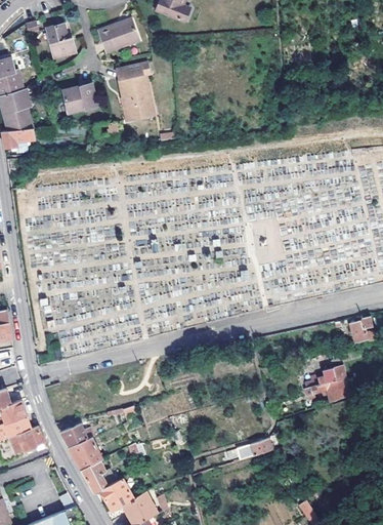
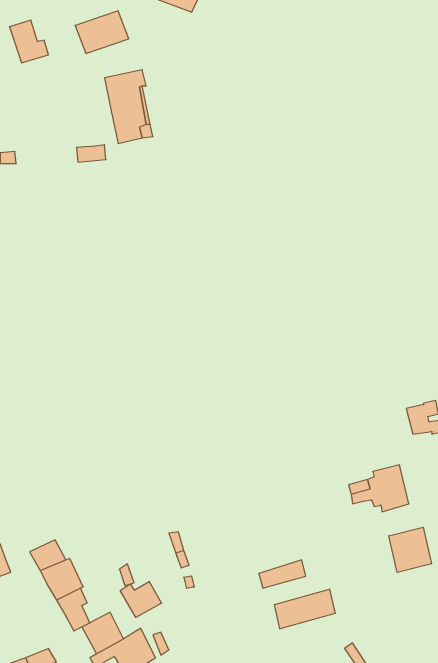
building: [65,83,97,112] -> none
building: none -> [389,527,431,572]
building: none -> [120,581,162,617]
building: none -> [274,589,335,629]

